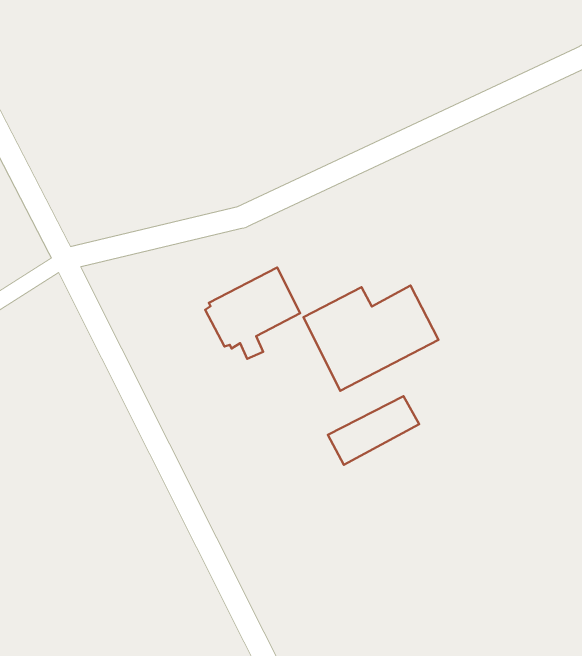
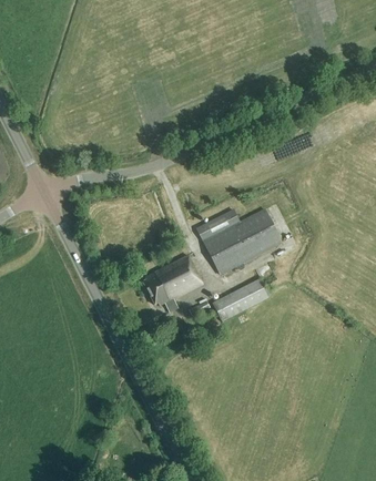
building: [205,268,300,359] -> [142,255,202,313]

